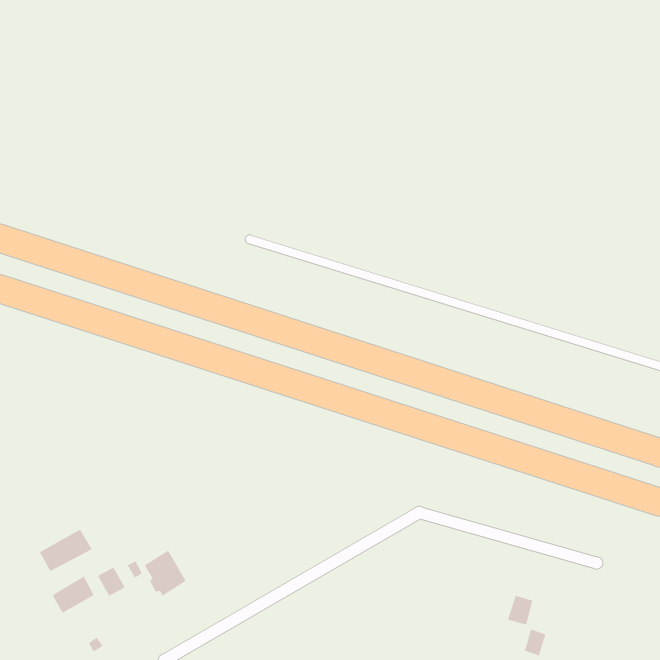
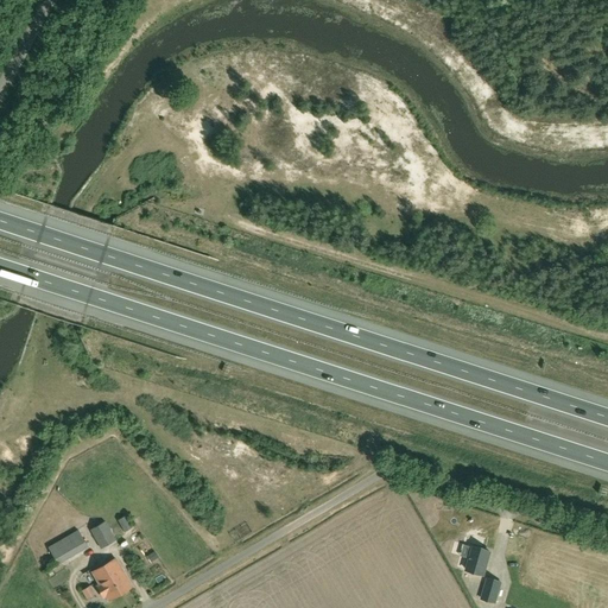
building: [39,529,92,572] -> none
building: [144,550,187,596] -> [91,557,131,600]

